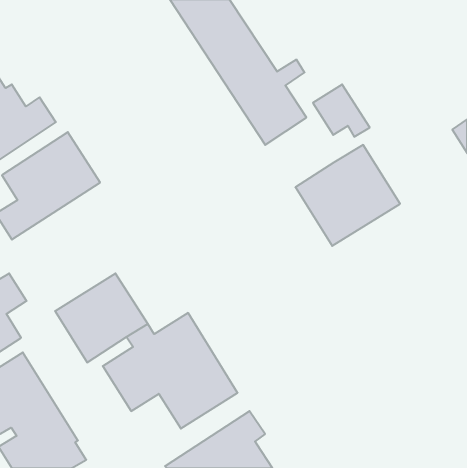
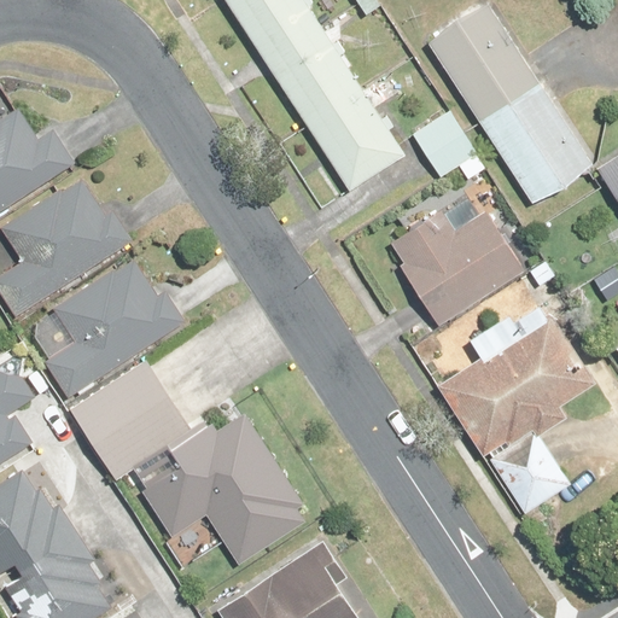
building: none -> [428,5,591,205]
building: none -> [24,258,185,396]
building: none -> [441,303,591,513]

